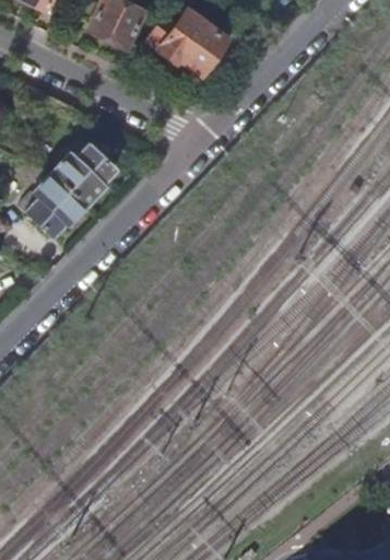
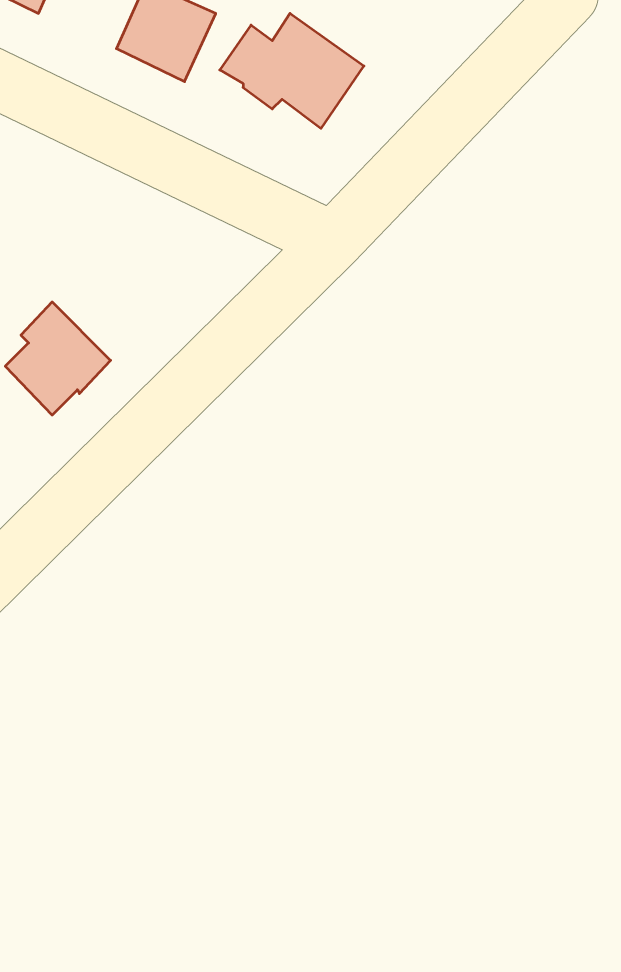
building: [52,138,115,205] -> none

